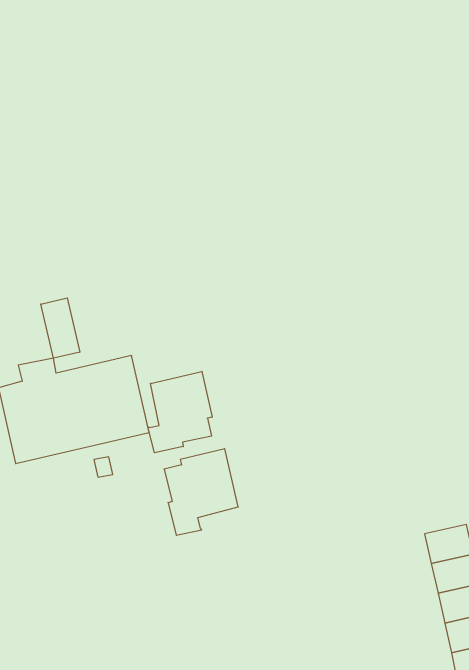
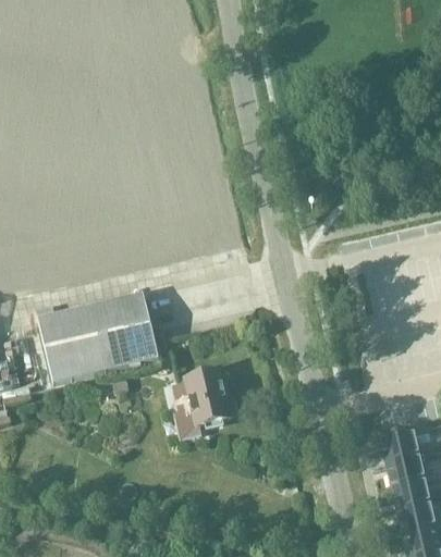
building: [41,298,80,358] -> none
building: [148,371,212,453] -> none

